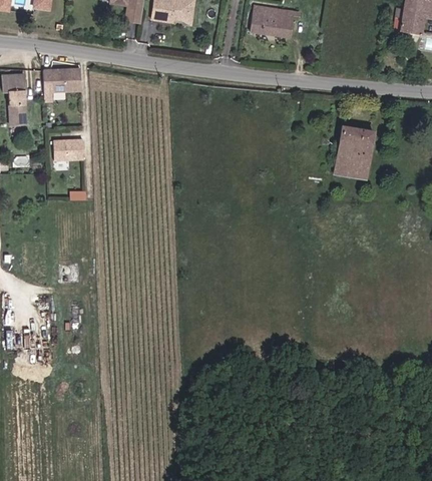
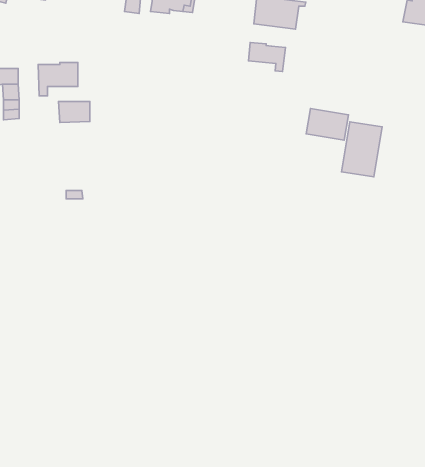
building: none -> [249,42,286,71]
building: none -> [306,108,348,140]
building: [53,140,83,160] -> [59,102,90,122]

